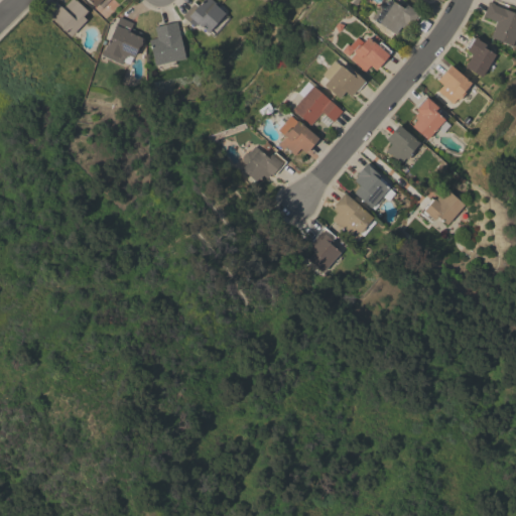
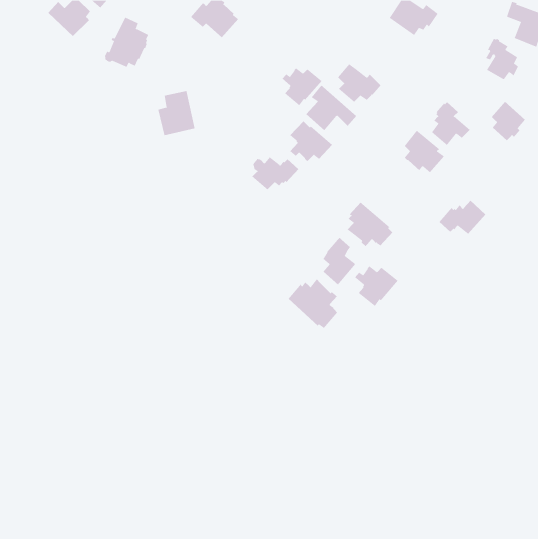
building: [150,22,186,66] -> [157,90,195,136]
building: [343,37,392,73] -> none
building: none -> [281,67,323,106]
building: [438,66,472,104] -> [491,101,526,141]
building: [355,164,396,211] -> none
building: none -> [354,266,399,307]
building: none -> [288,279,338,329]

